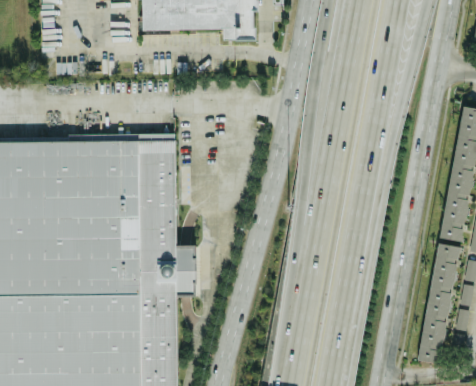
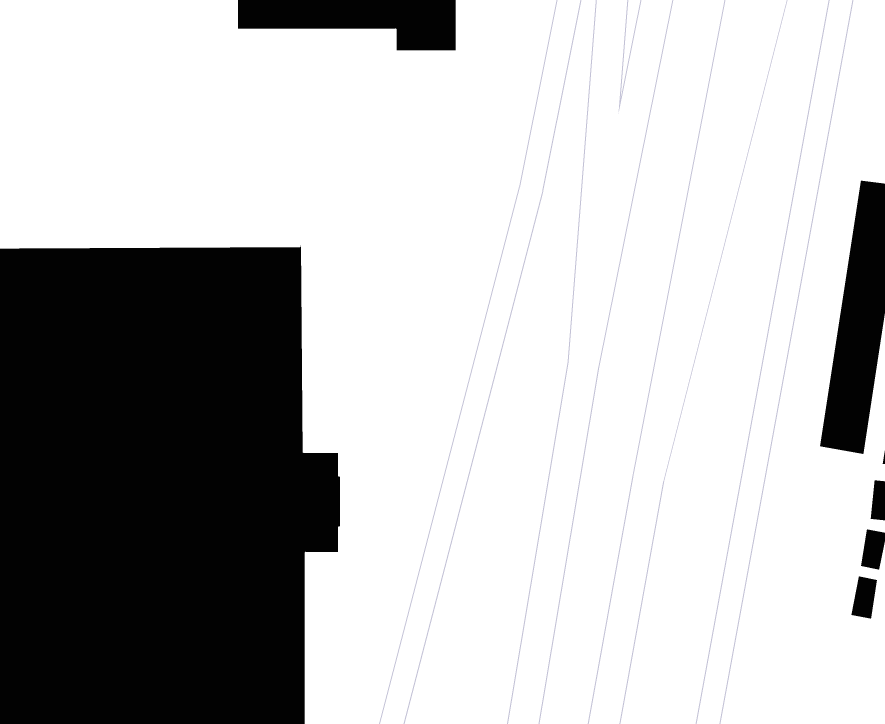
building: [420,243,457,363] -> none

